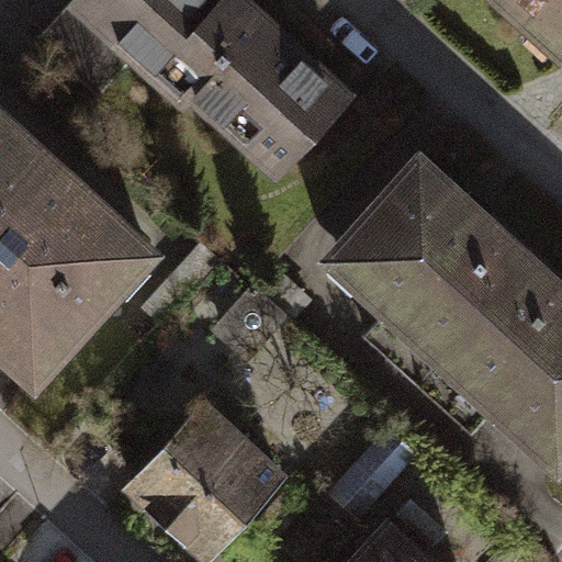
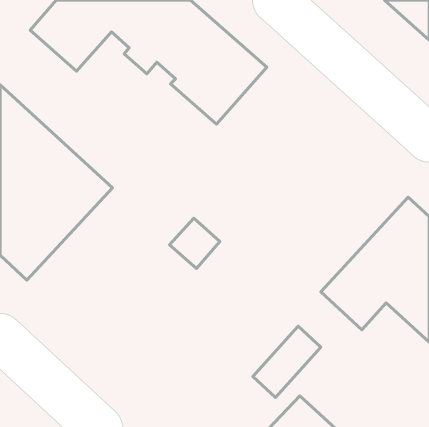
building: [339,158,533,384] -> none
building: [134,404,280,552] -> none

